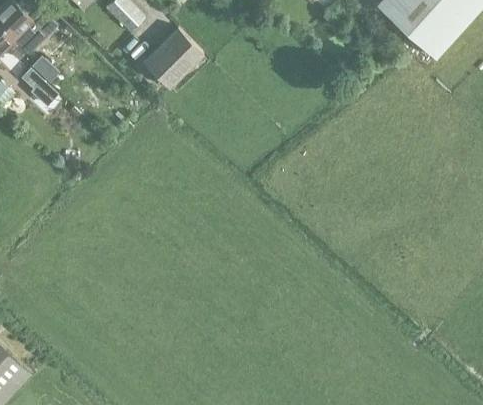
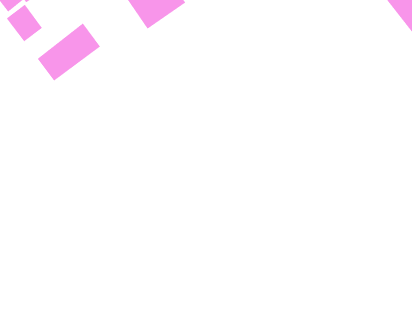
building: none -> [37,23,101,81]

